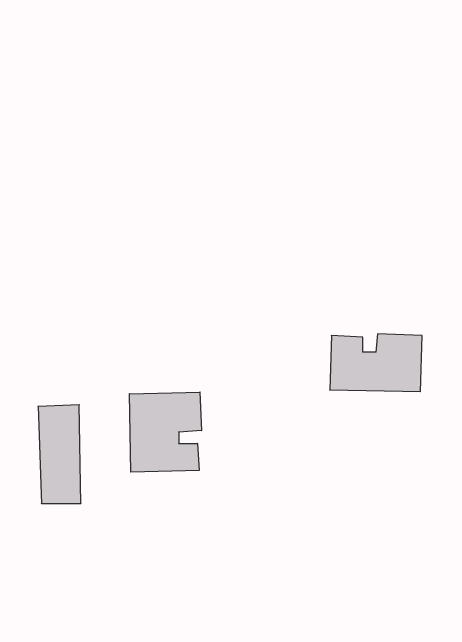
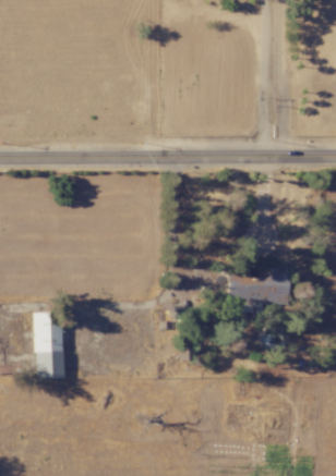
building: [129,392,202,472] -> none

